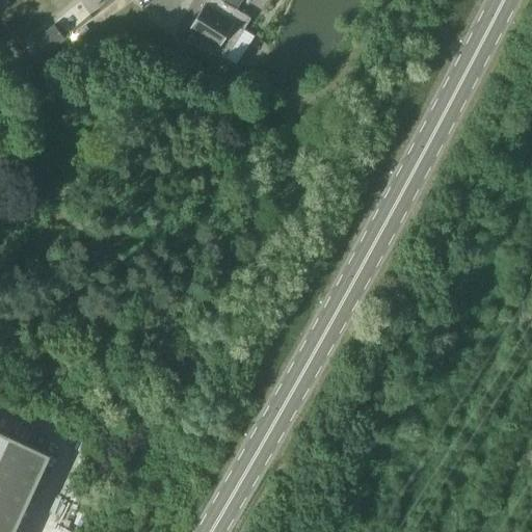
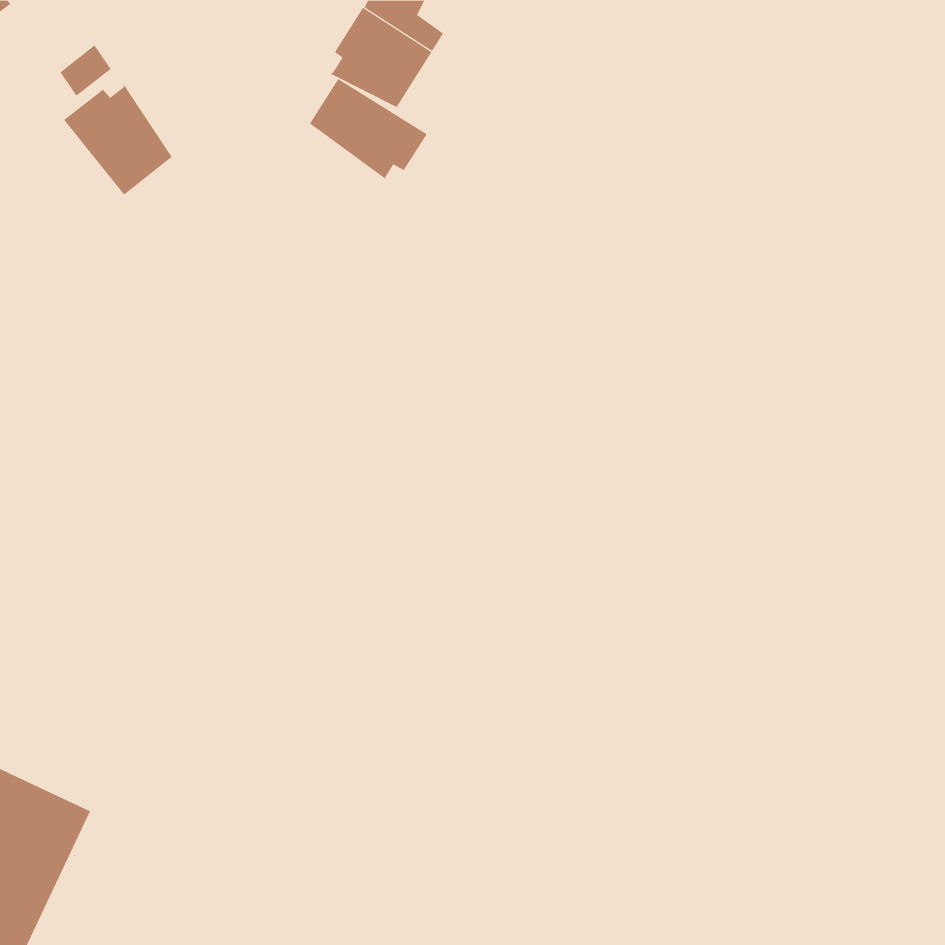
building: none -> [309,78,427,179]
building: none -> [64,85,173,195]

